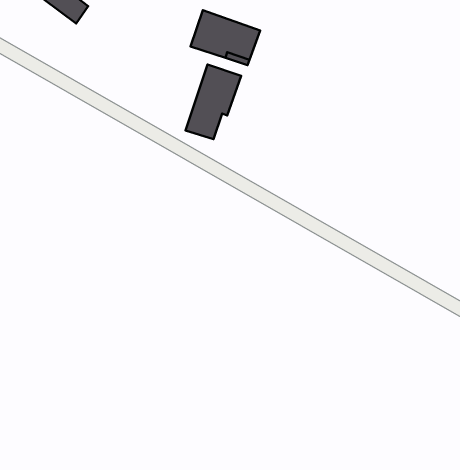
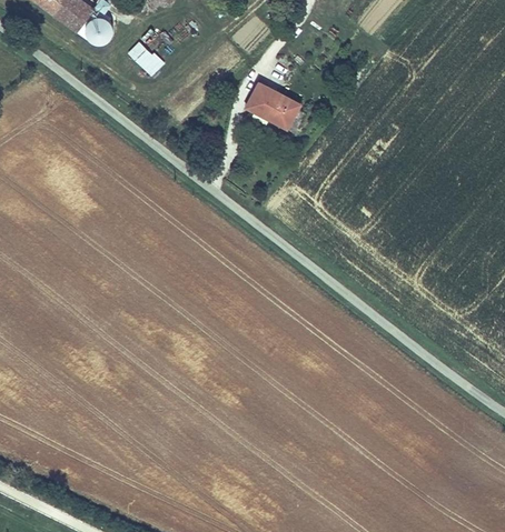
building: [186,64,241,139] -> none

